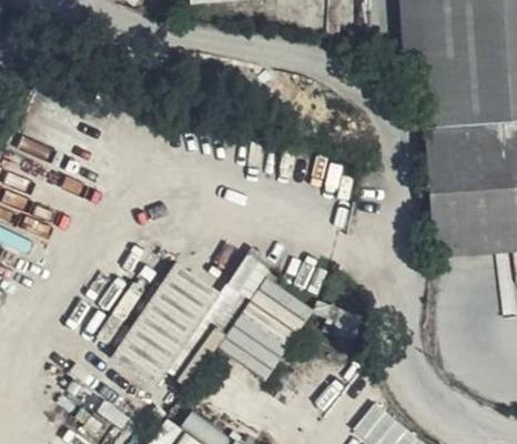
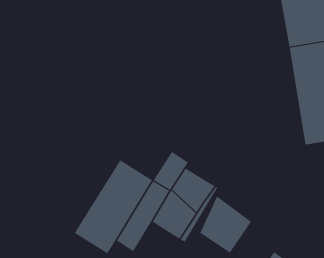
building: none -> [200,196,252,253]

